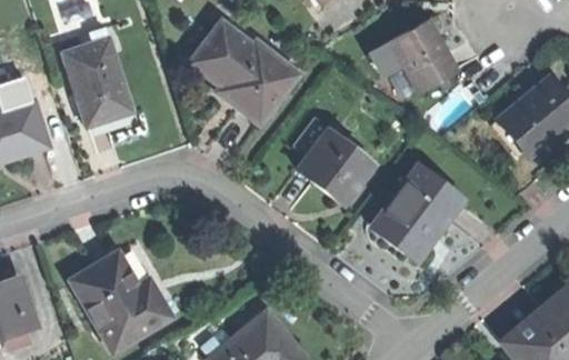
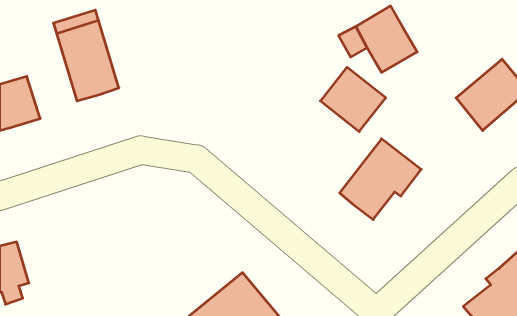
building: [189,21,289,122] -> none
building: [300,131,371,201] -> [320,67,386,132]
building: [70,250,171,351] -> none

